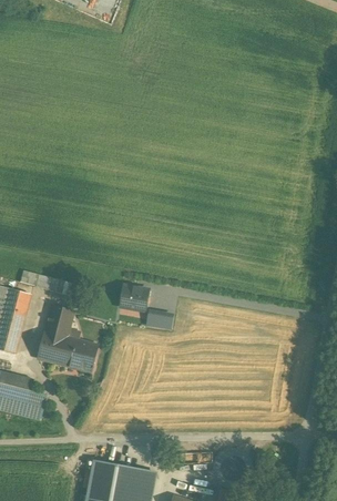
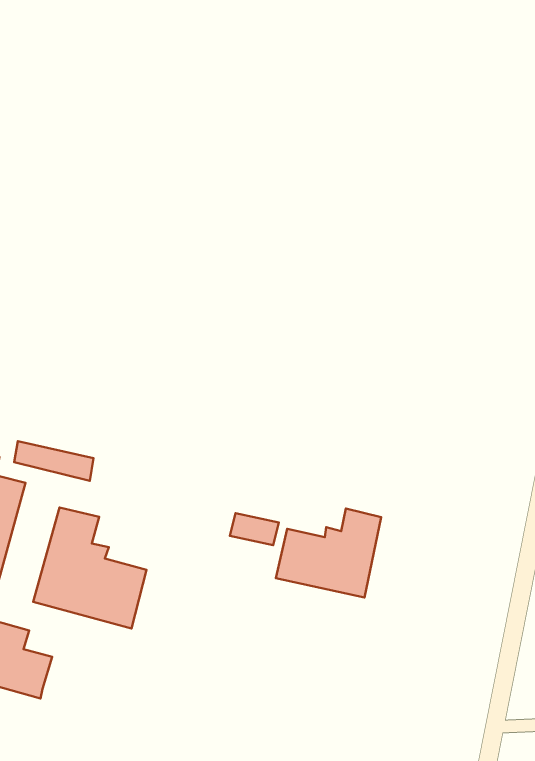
building: [120,286,147,310] -> none
building: none -> [276,508,381,598]

